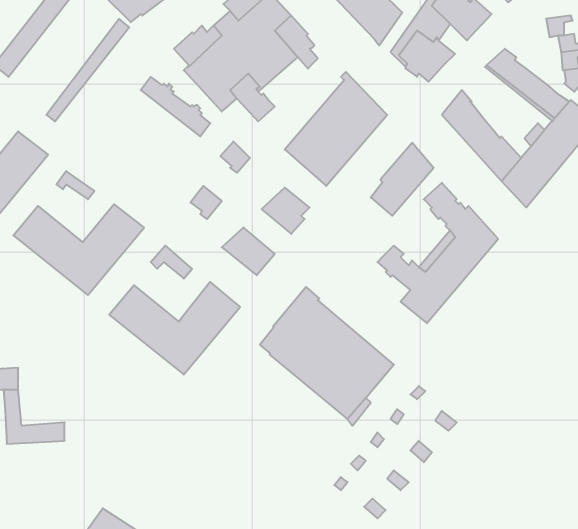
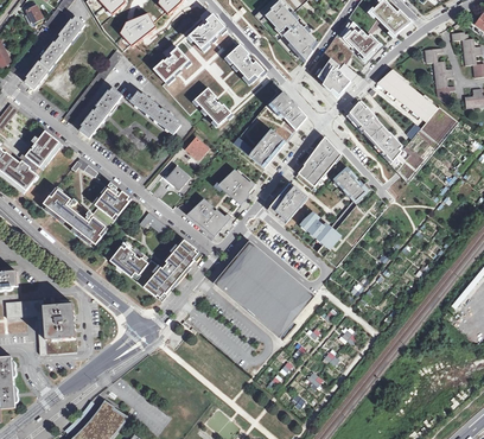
building: none -> [78,88,122,138]
building: none -> [267,184,306,224]
building: none -> [43,304,76,341]

